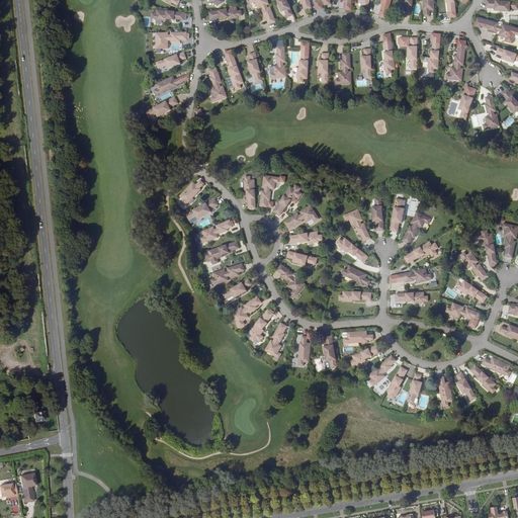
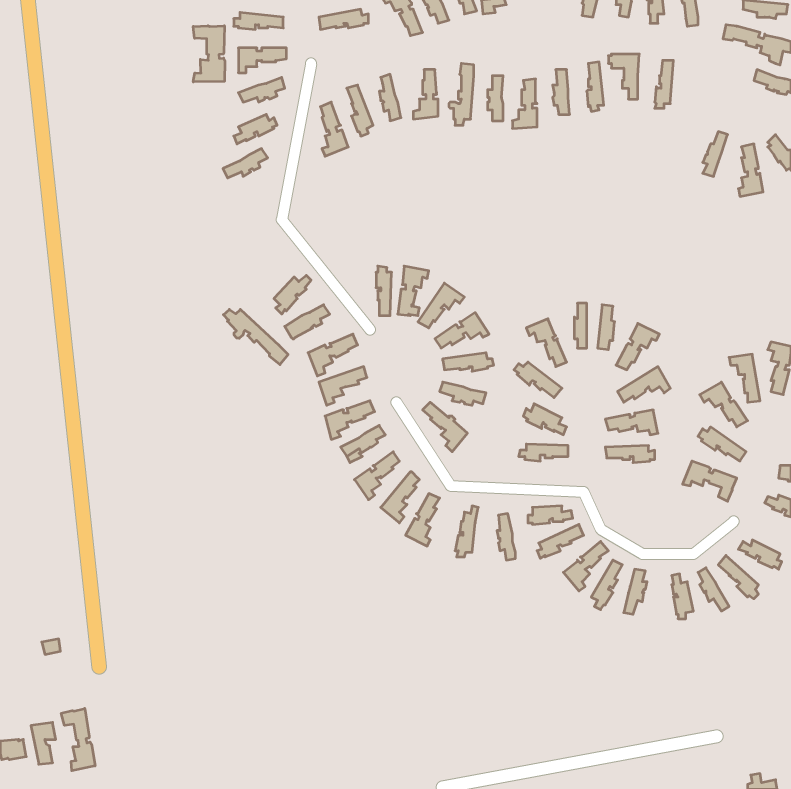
building: none -> [193,26,225,82]
building: [445,38,468,80] -> none
building: none -> [223,309,288,365]
building: none -> [61,708,95,771]

